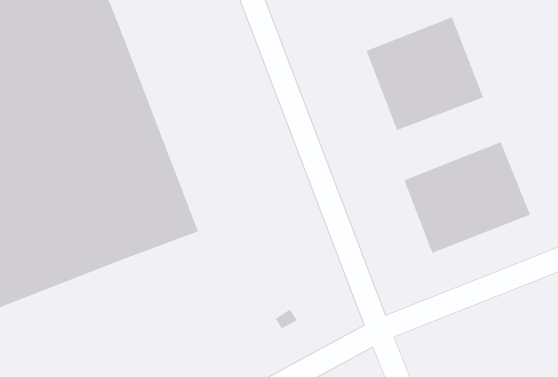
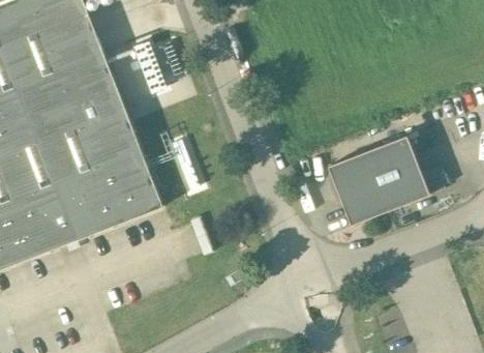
building: [366,17,484,131] -> none

